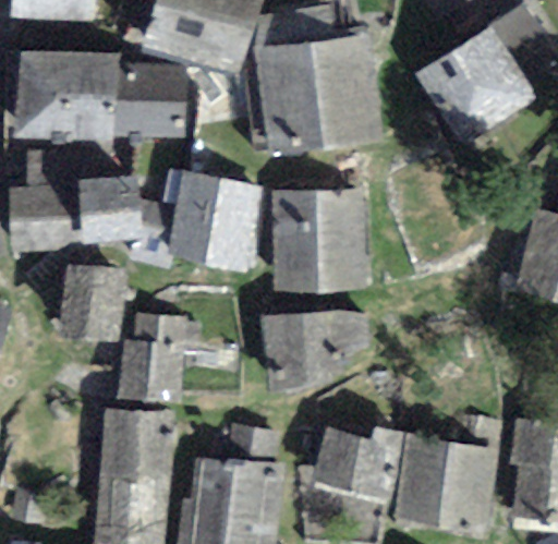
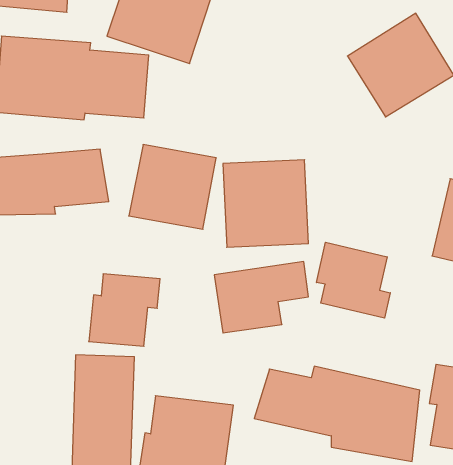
building: [255,33,383,153] -> none
building: [62,265,120,342] -> none
building: none -> [317,242,390,318]

